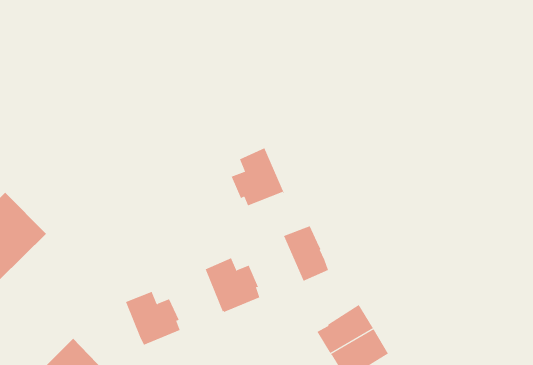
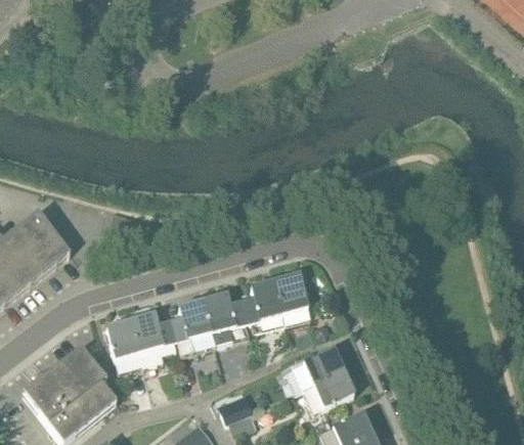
building: [231,148,285,206] -> [242,279,287,328]
building: none -> [169,300,215,354]
building: none -> [106,319,141,365]

